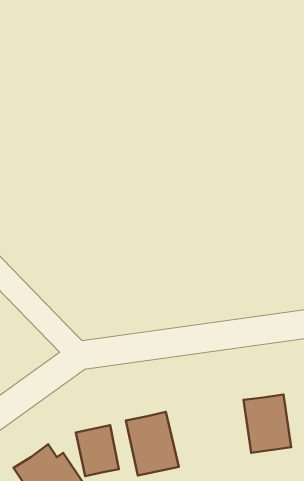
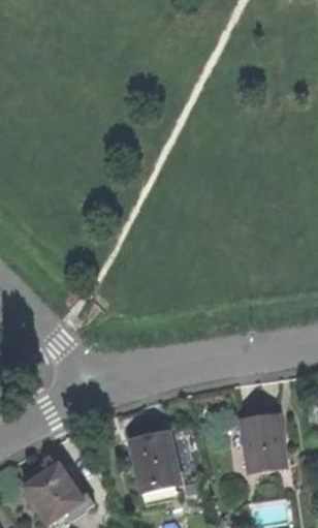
building: [76,425,119,476] -> none

